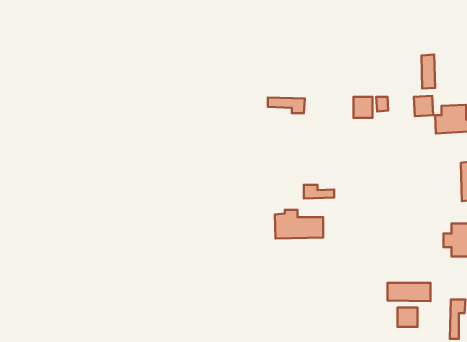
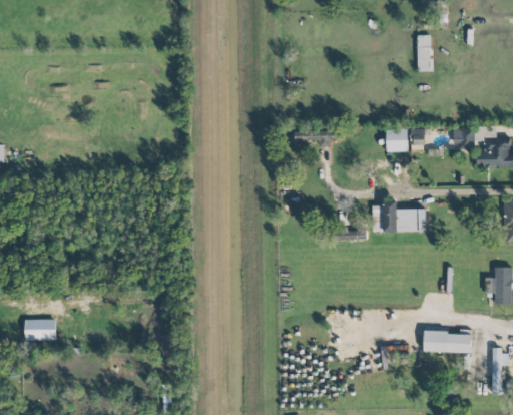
building: [421,55,435,89] -> [417,34,432,71]
building: [275,210,323,238] -> [372,200,425,232]
building: none -> [25,319,56,340]
building: [397,308,418,327] -> none

